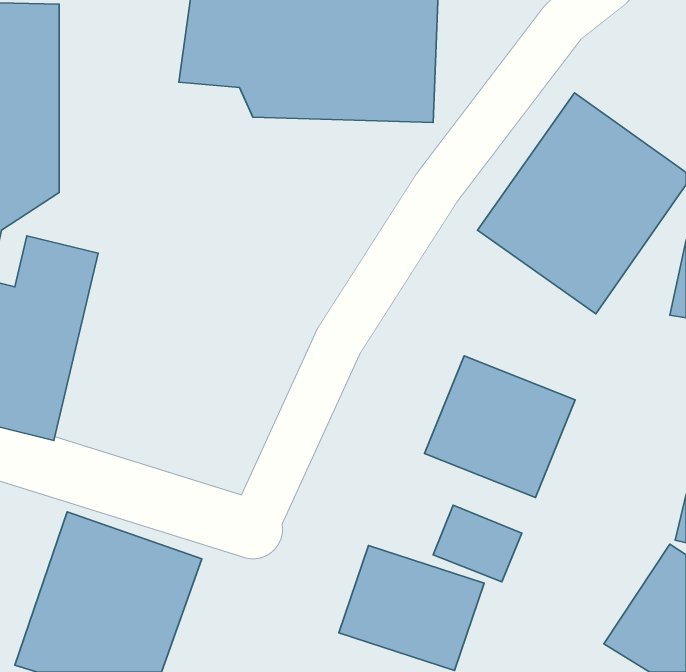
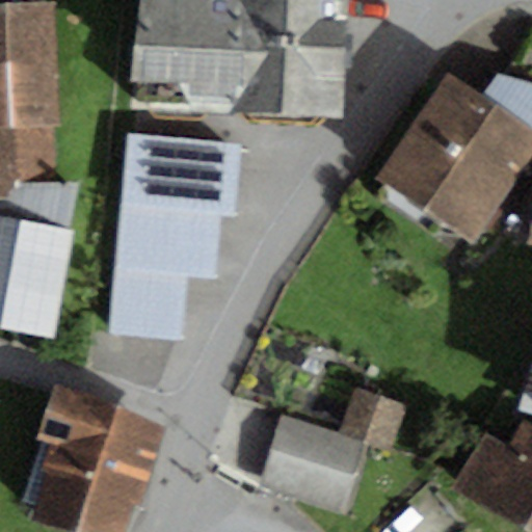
building: none -> [115,128,240,340]
building: [425,356,575,497] -> none

